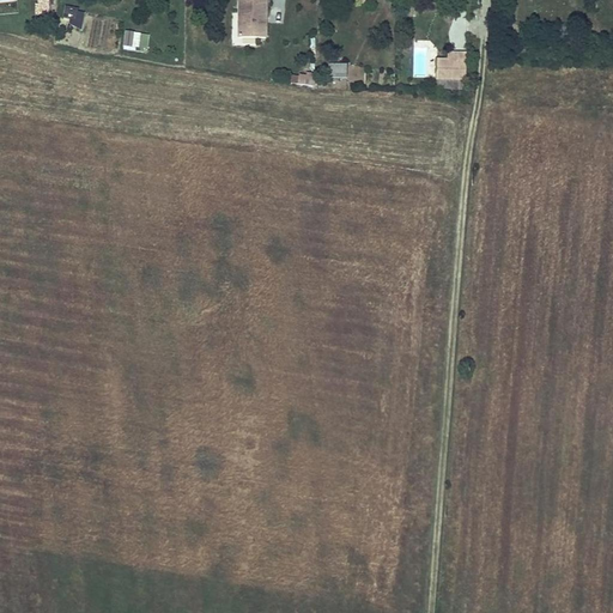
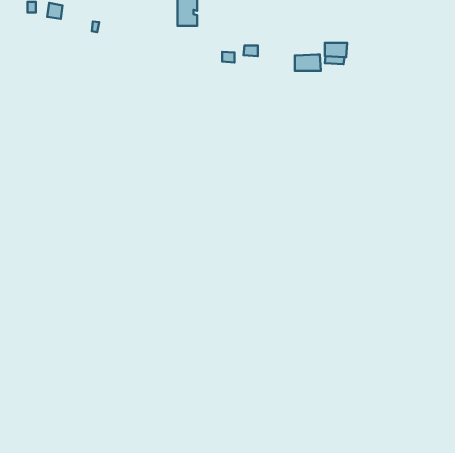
building: none -> [295,54,321,71]

